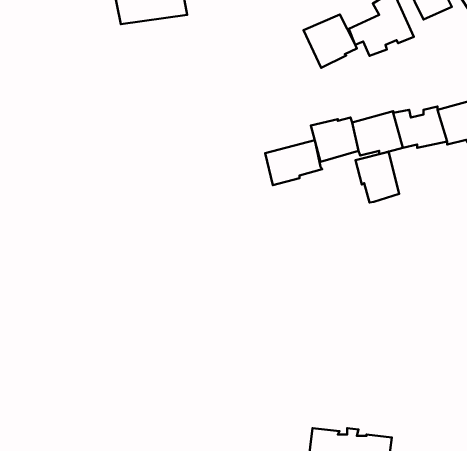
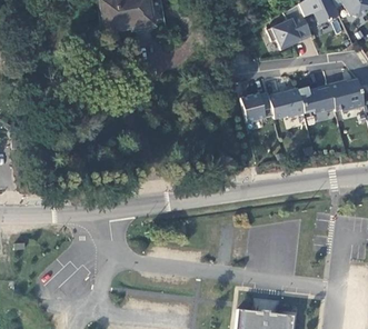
building: [304,15,357,68] -> none
building: [265,140,322,185] -> none
building: [355,152,399,202] -> none

